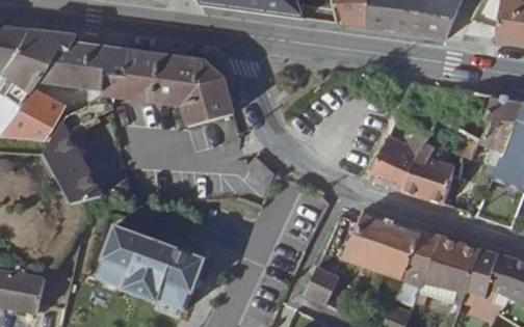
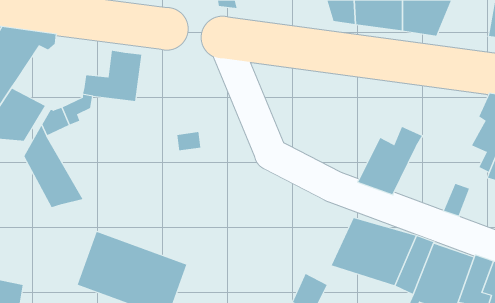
building: [38,45,130,88] -> none
building: [154,55,235,127] -> none
building: [403,144,456,205] -> none

